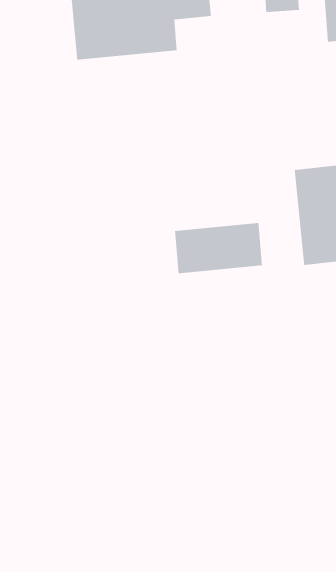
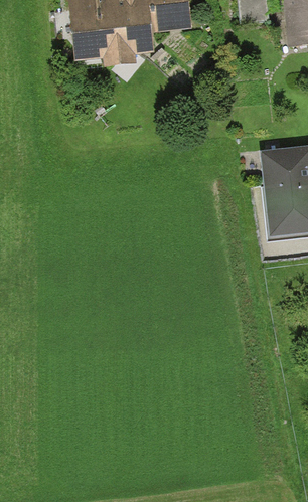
building: [174,222,263,274] -> none

